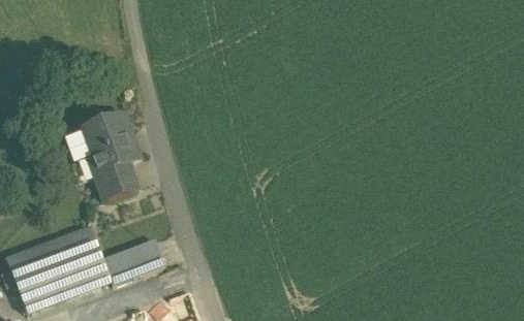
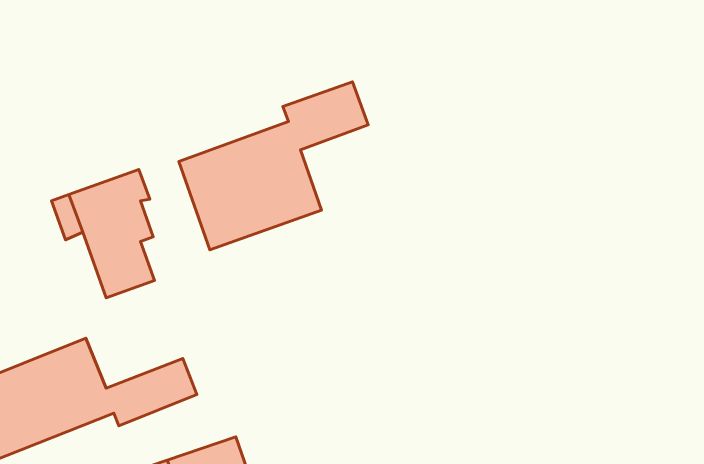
building: none -> [179,82,368,250]

